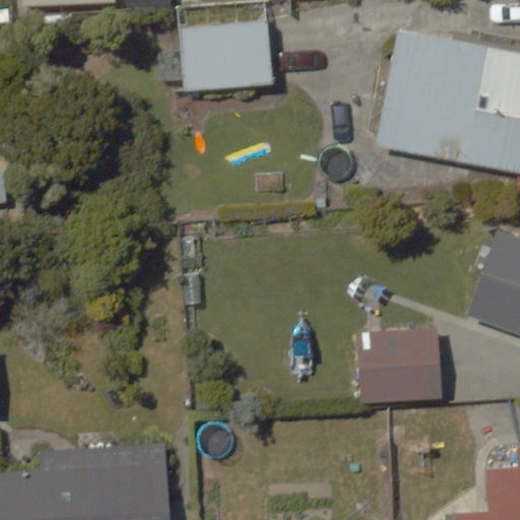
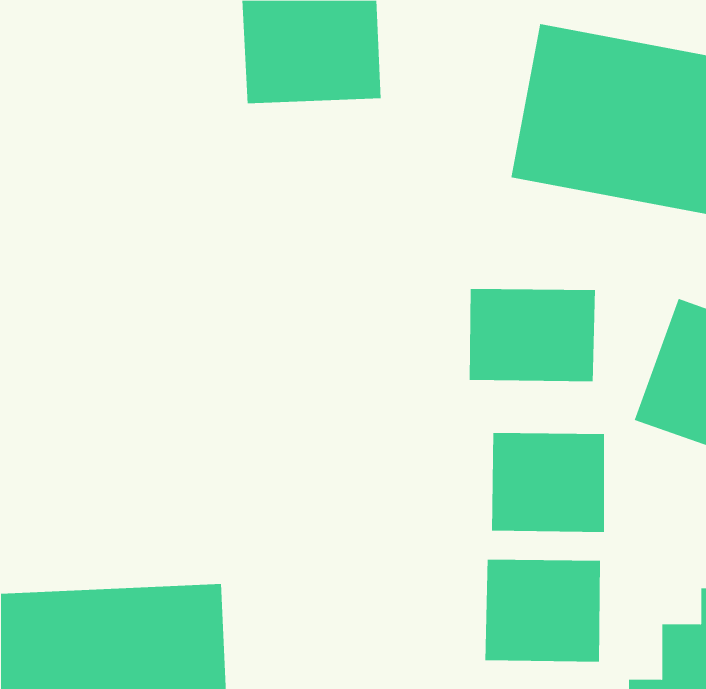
building: none -> [469,288,596,382]
building: none -> [485,559,600,662]

